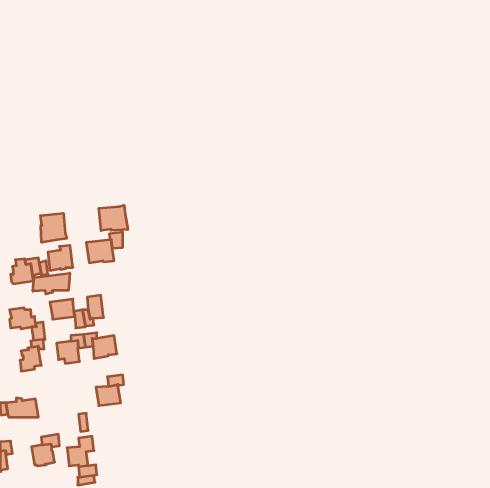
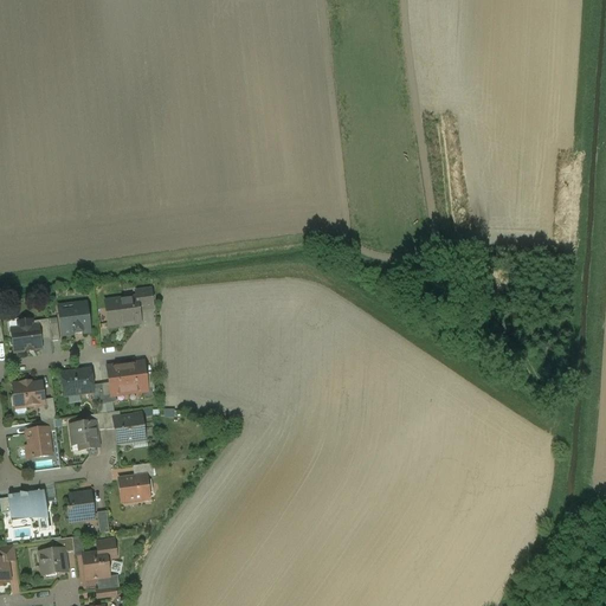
building: [99,205,128,231] -> none
building: [40,213,67,242] -> none
building: [33,273,70,294] -> none
building: none -> [124,362,147,392]
building: none -> [67,492,94,521]

